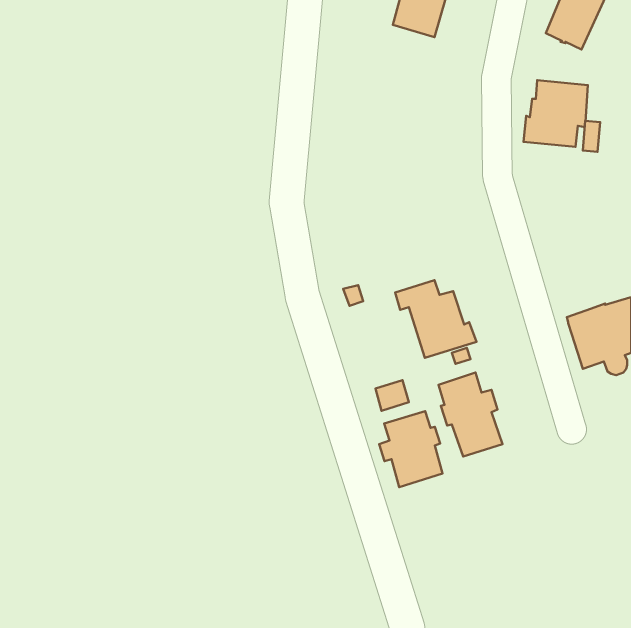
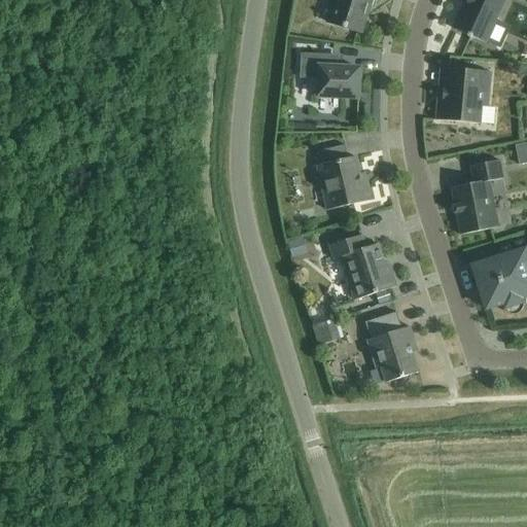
building: none -> [300,51,359,97]
building: none -> [317,144,371,209]
building: none -> [451,160,503,234]
building: [379,411,442,487] -> none

